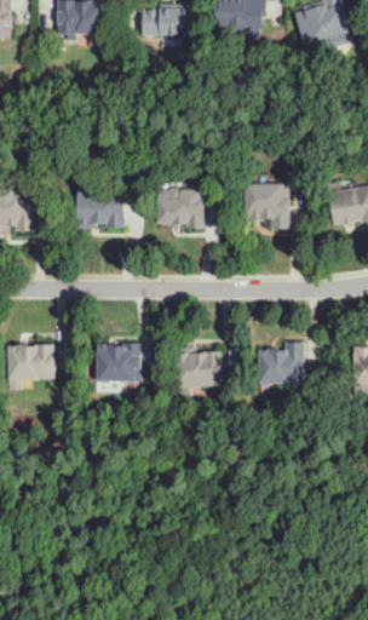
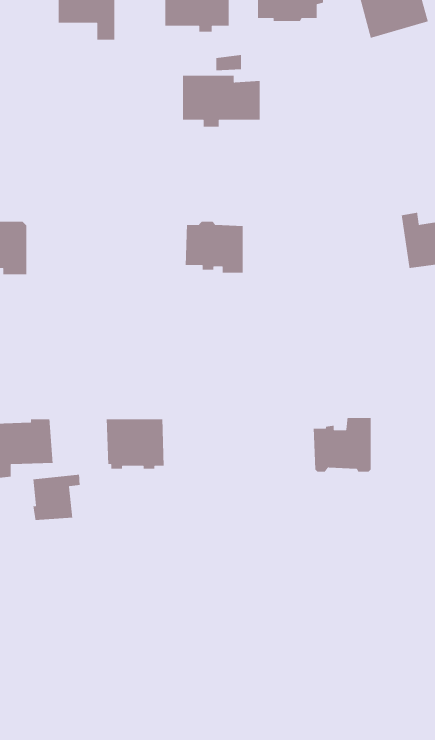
building: none -> [182,75,260,128]
building: [76,179,123,229] -> none
building: [245,184,289,230] -> none
building: [177,348,222,397] -> none
building: none -> [33,474,80,521]

